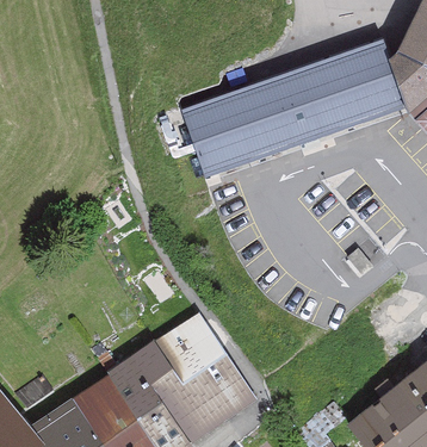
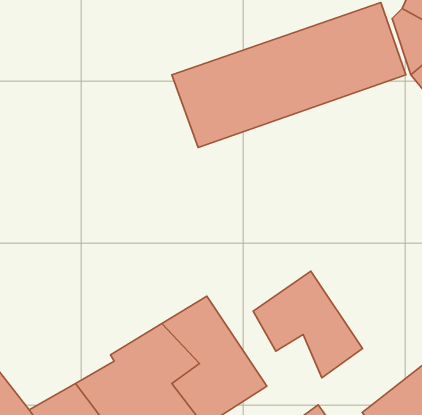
building: none -> [253,271,362,378]

